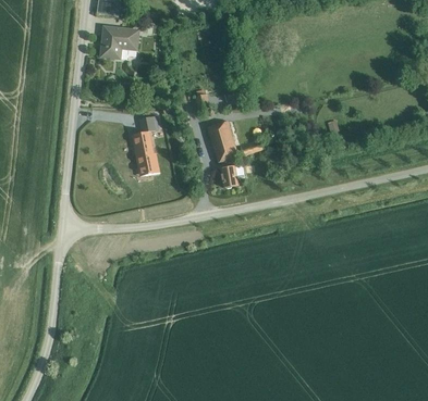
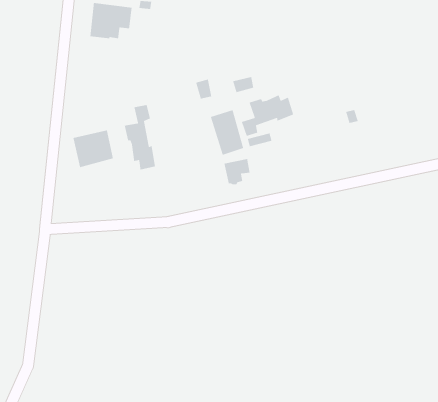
building: none -> [241,94,294,137]
building: none -> [72,129,114,168]

